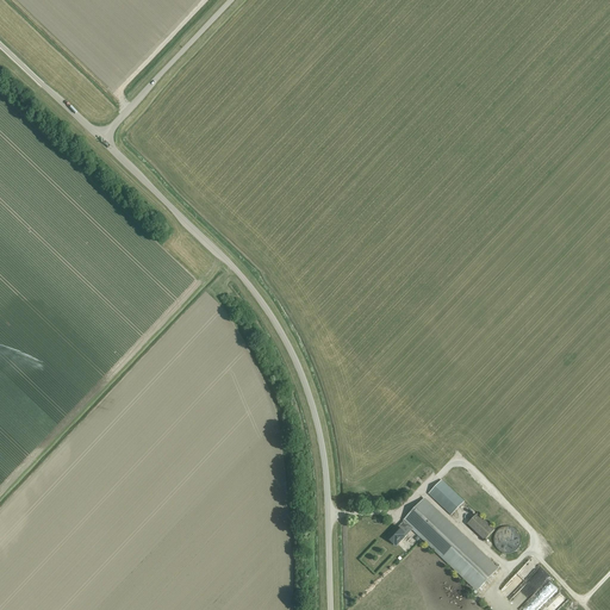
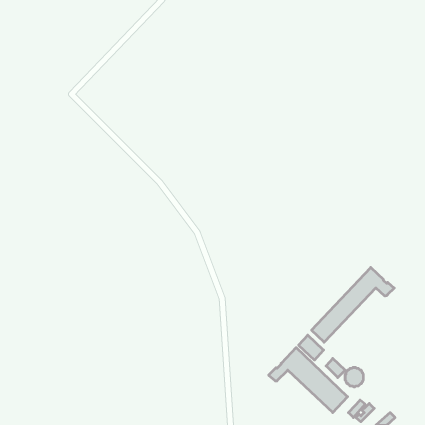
building: none -> [312,267,394,342]

